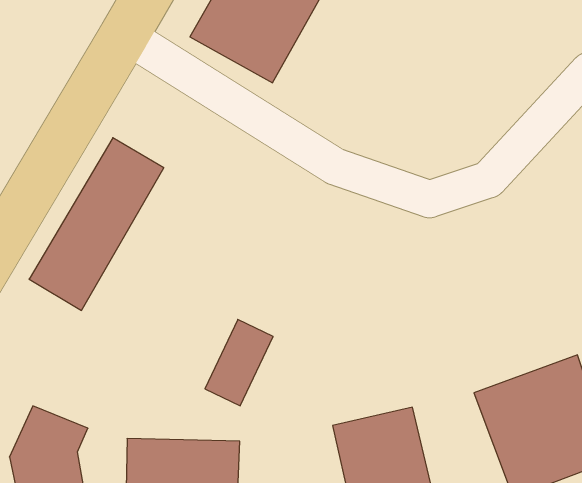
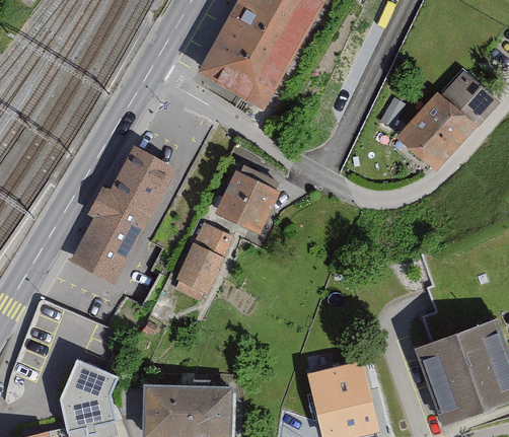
building: none -> [398,72,494,168]
building: none -> [223,174,278,230]
building: [205,319,273,406] -> [177,223,230,290]

